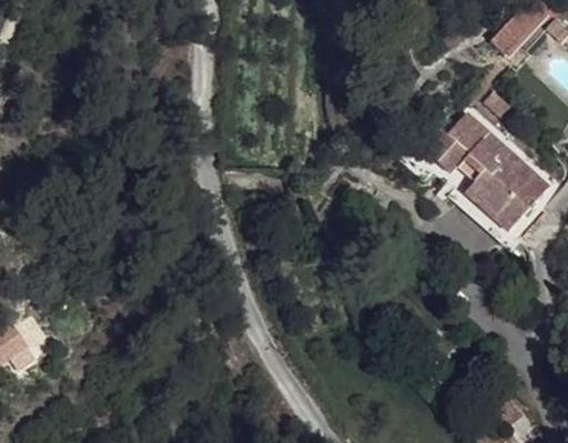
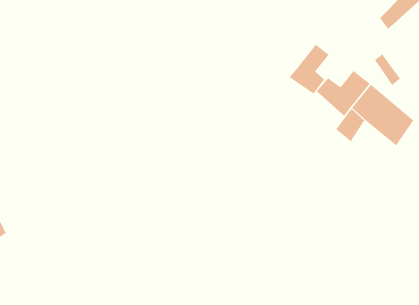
building: none -> [289,44,329,94]
building: [468,177,527,232] -> none

